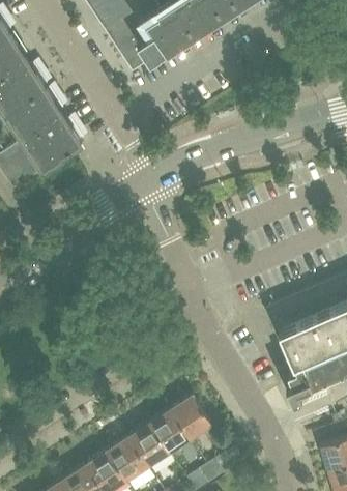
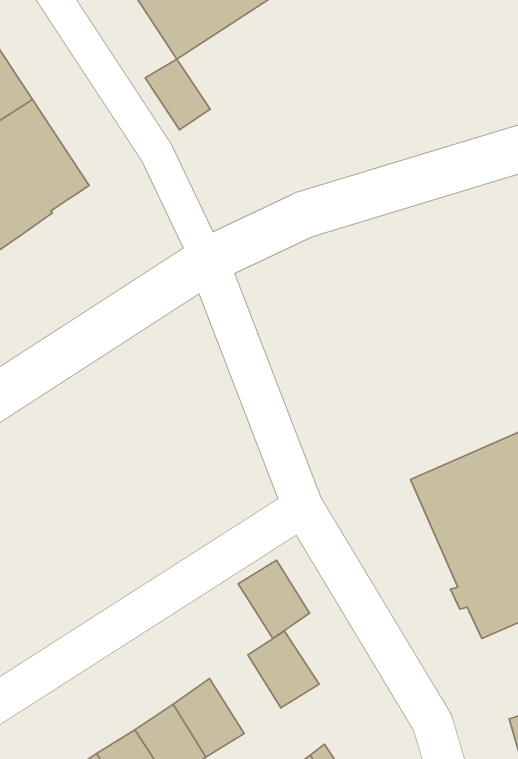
building: none -> [145,59,210,130]
building: [151,408,192,453] -> [238,560,309,639]

